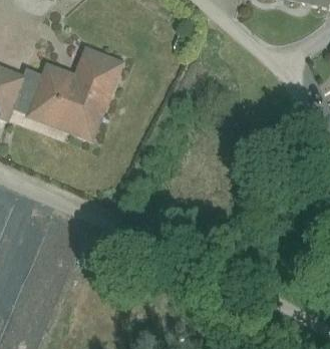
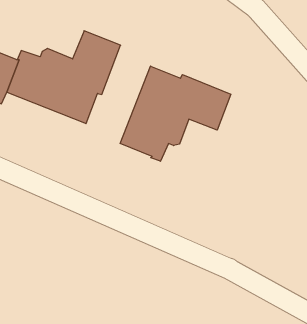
building: none -> [120,66,231,161]

